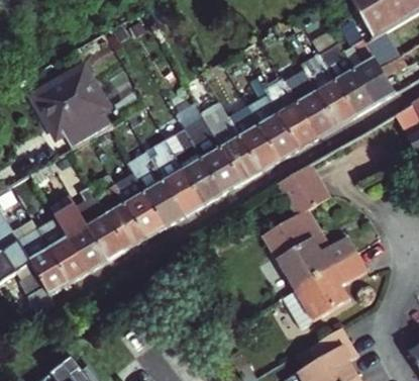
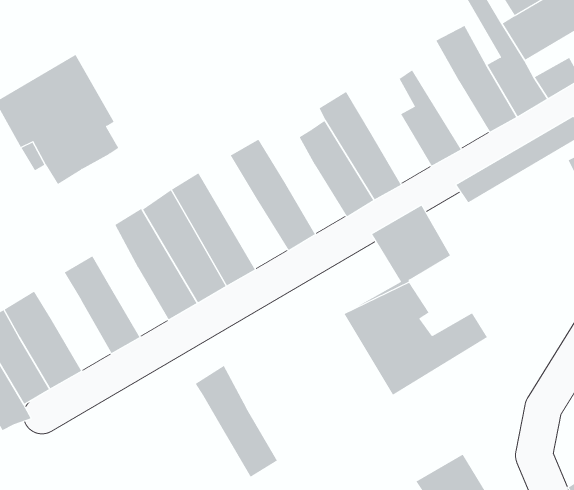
building: [307,55,357,126] -> none
building: [269,77,319,150] -> none
building: [203,103,264,182] -> none
building: [167,130,225,205] -> none
building: [92,176,146,250] -> [195,365,278,477]
building: [59,207,109,272] -> none
building: [294,250,368,318] -> none

